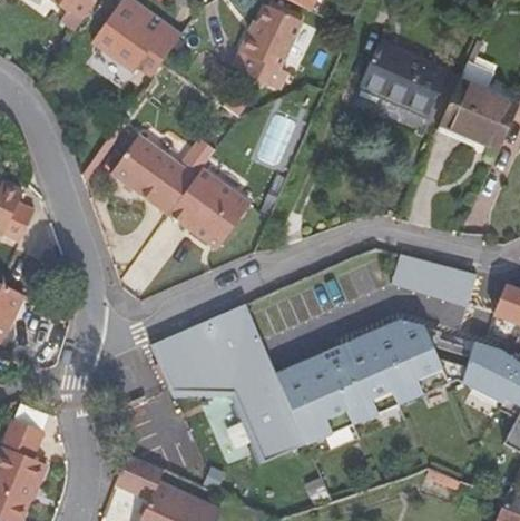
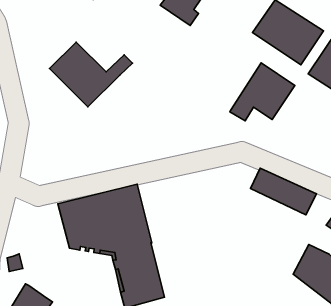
building: none -> [230,63,295,121]
building: [166,168,249,253] -> none
building: [276,318,449,443] -> none

